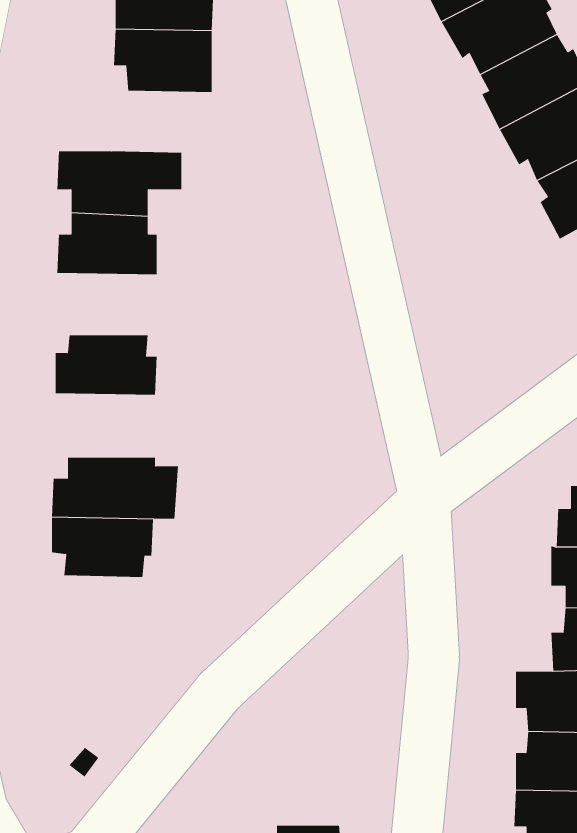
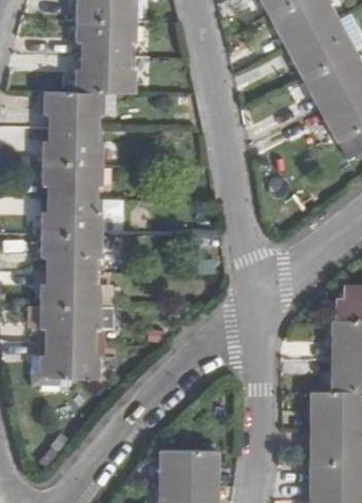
building: none -> [75,56,134,93]
building: none -> [43,163,102,199]
building: none -> [40,233,101,271]
building: none -> [30,340,99,387]
building: none -> [160,449,216,486]

